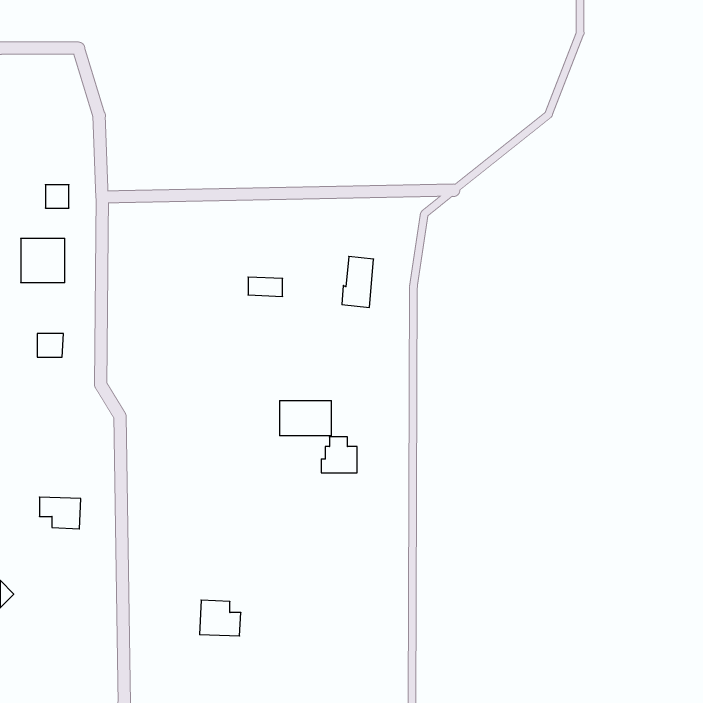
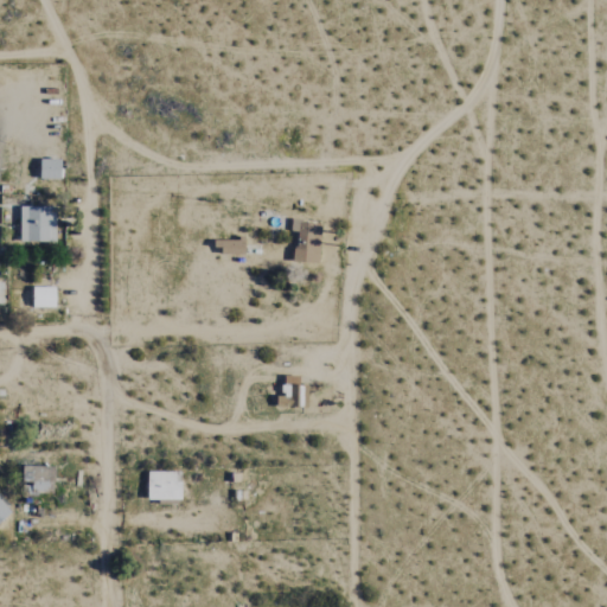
building: [280,401,331,436] -> none
building: [39,497,81,529] -> [20,465,56,492]
building: [200,600,241,636] -> [148,469,184,500]

